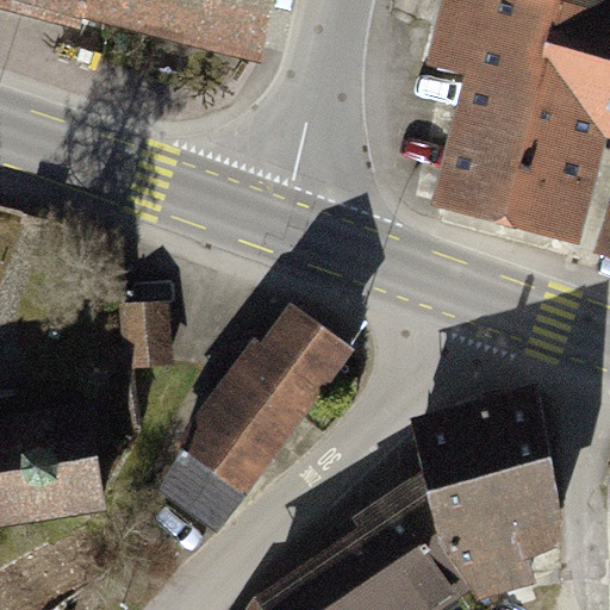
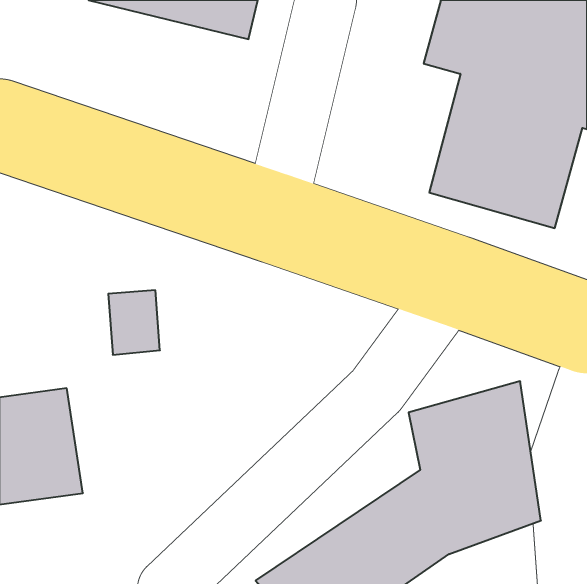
building: [186,312,350,500] -> none

